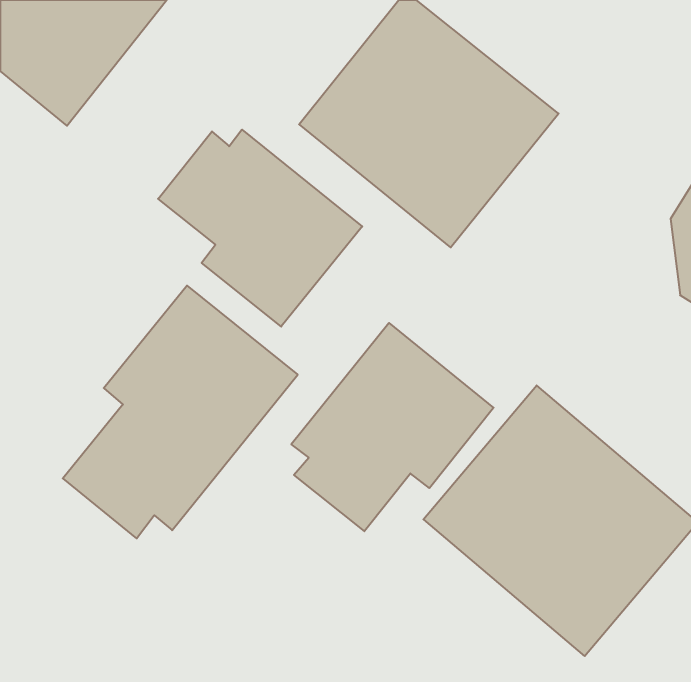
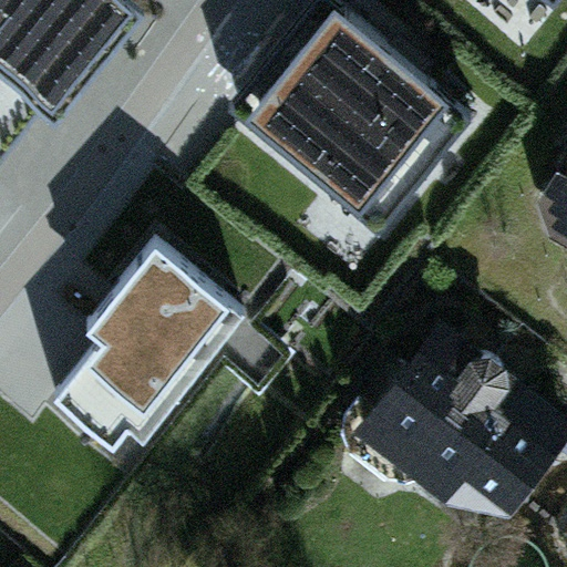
building: [158,130,362,327] -> none
building: [291,323,494,531] -> none

